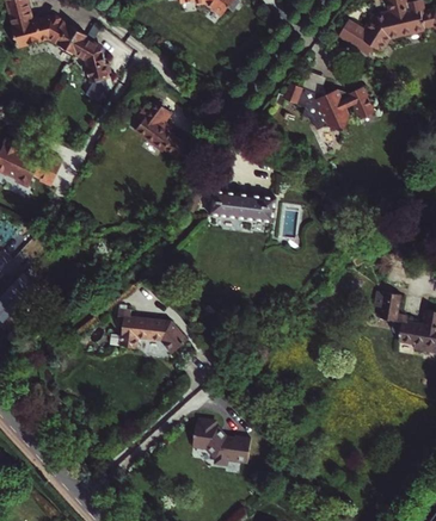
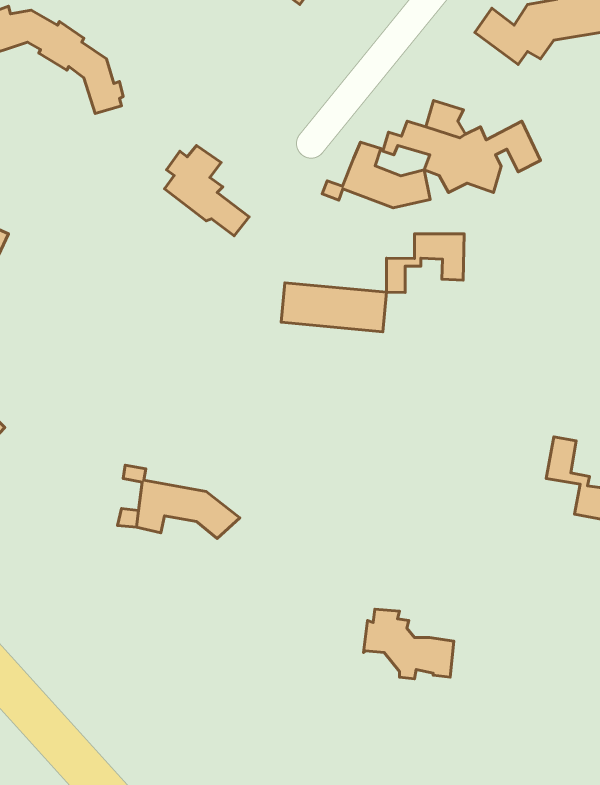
building: none -> [322,142,430,208]
building: none -> [386,234,464,293]
building: [195,420,252,464] -> [364,609,454,679]

